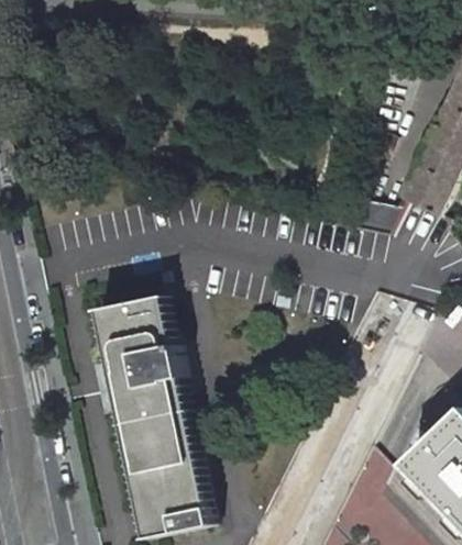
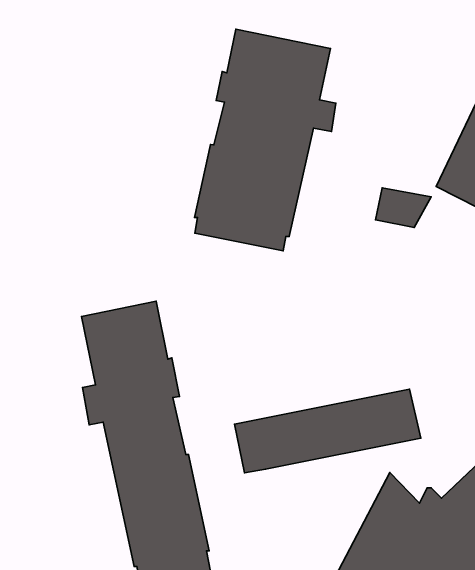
building: none -> [194,29,336,251]
building: none -> [234,389,421,473]

